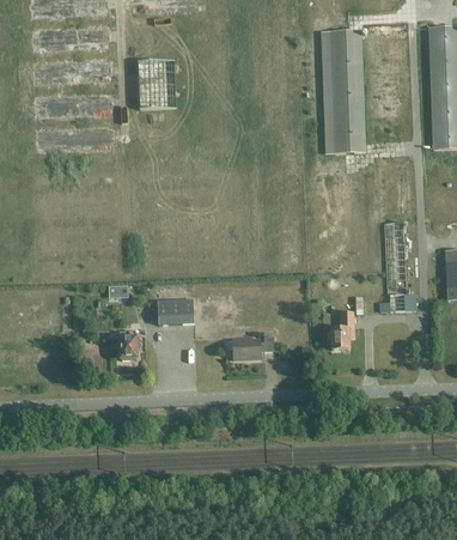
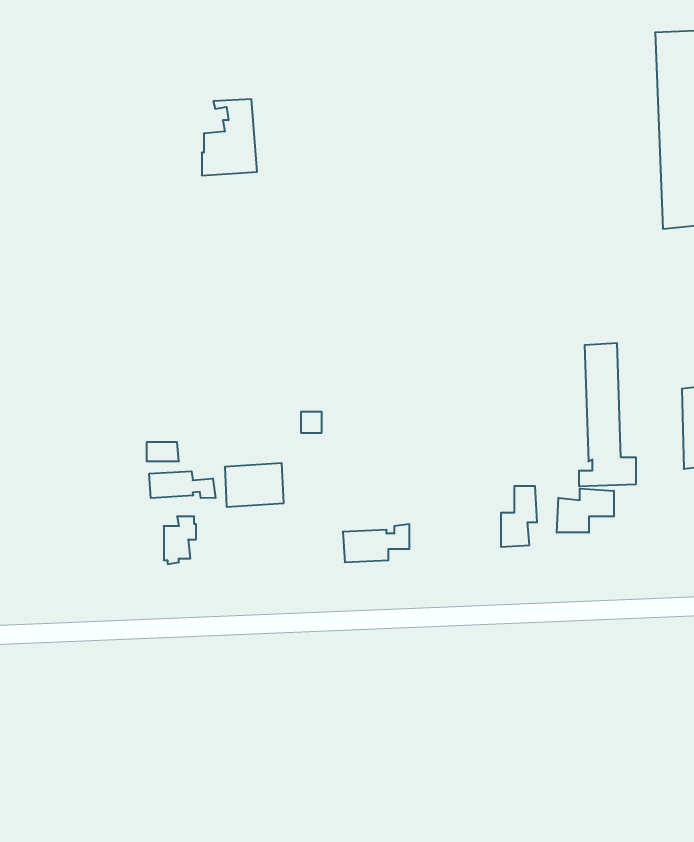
building: [321,29,366,153] -> none
building: none -> [149,471,216,498]
building: none -> [557,488,614,533]

